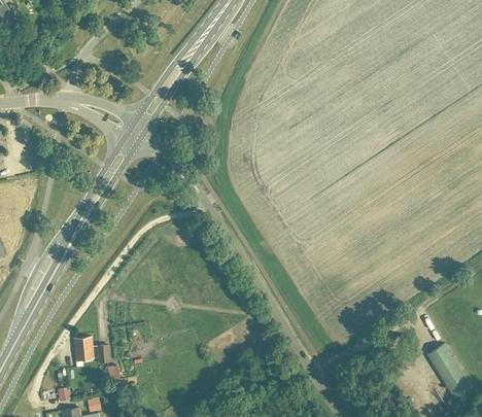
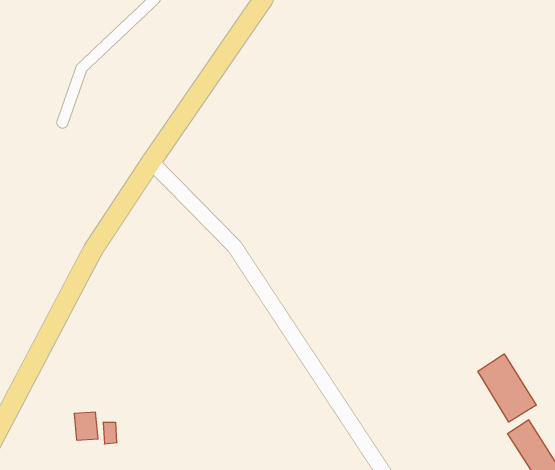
building: none -> [478,354,536,422]

